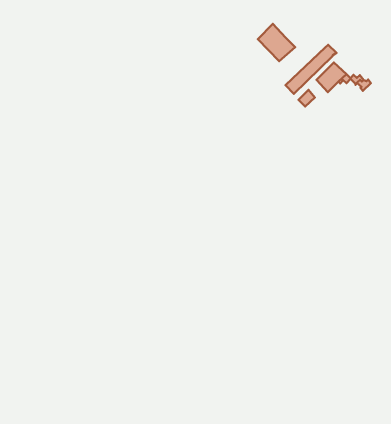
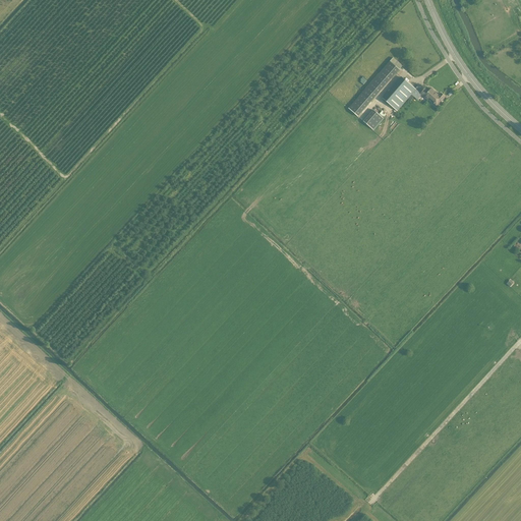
building: [258,24,295,61] -> none

